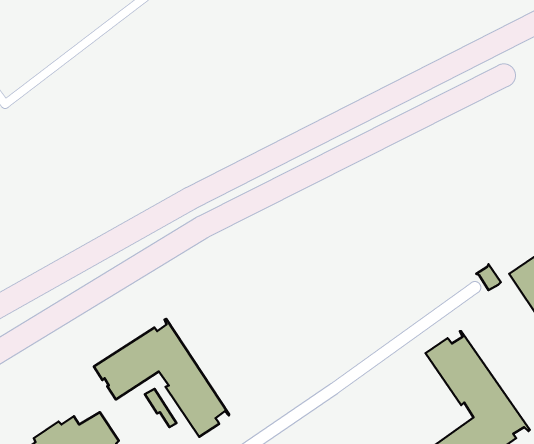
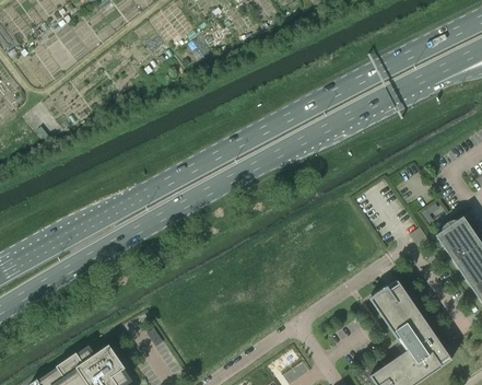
building: [94,319,229,437] -> none

